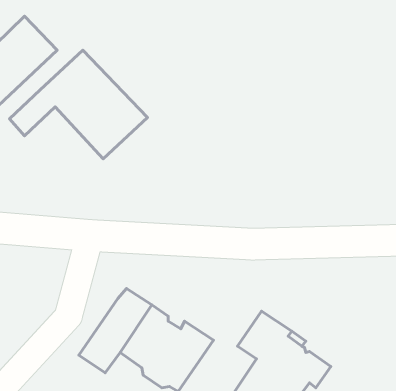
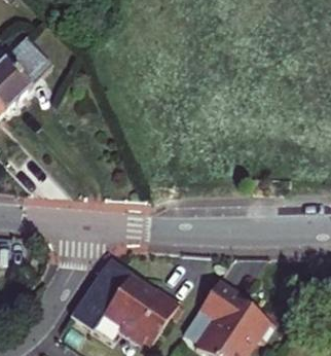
building: [9,50,147,159] -> none

